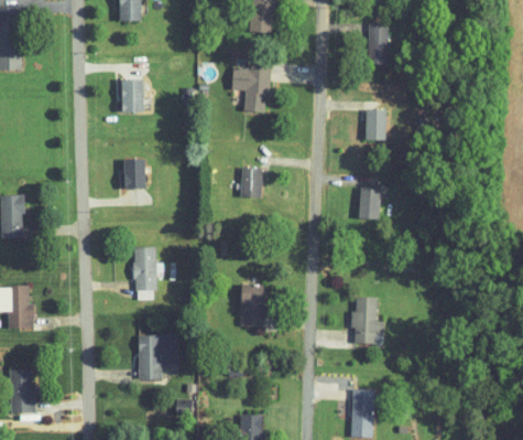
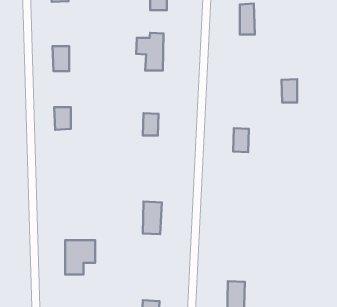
building: [364,109,385,140] -> [281,79,297,103]
building: [132,248,155,300] -> none
building: [350,297,384,344] -> none

